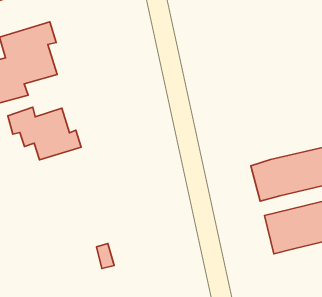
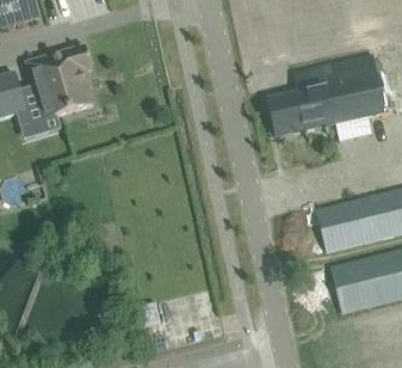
building: none -> [267,54,384,136]
building: [8,107,81,160] -> none

